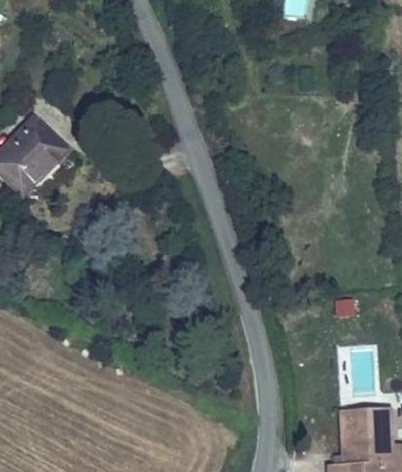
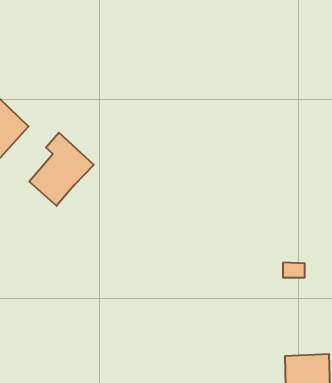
building: none -> [29,133,94,206]

